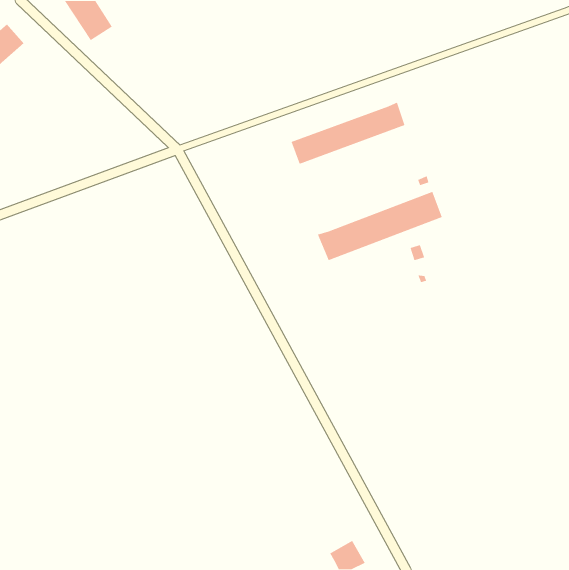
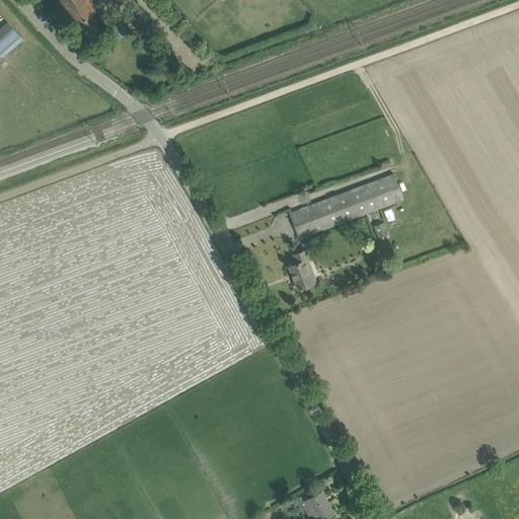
building: [291,101,405,165] -> none
building: none -> [288,250,315,289]

